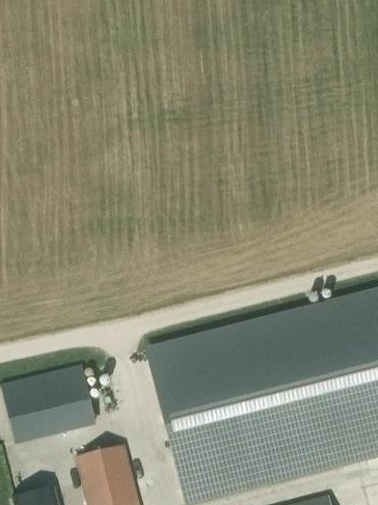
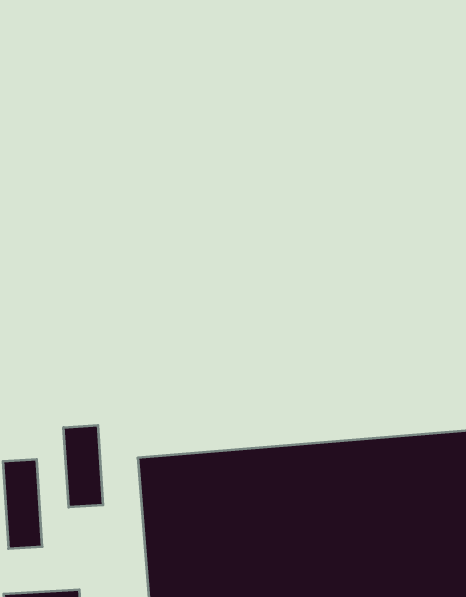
building: none -> [64,425,103,507]

